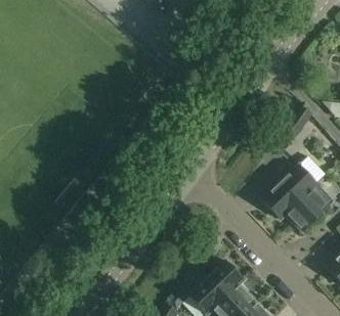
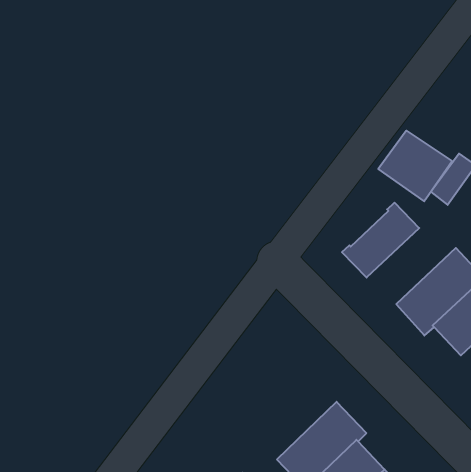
building: none -> [378,131,452,201]
building: none -> [342,203,419,278]

